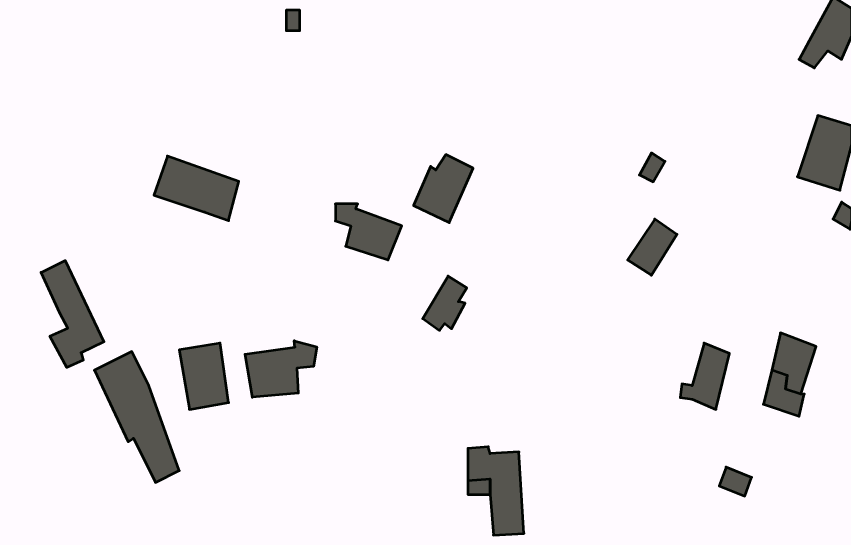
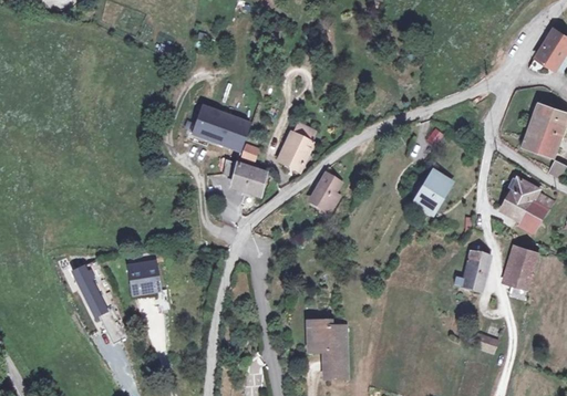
building: [154,156,239,221] -> [194,108,249,150]
building: none -> [502,176,555,229]
building: [41,261,104,367] -> none
building: [423,276,467,330] -> [309,177,338,212]
building: [245,341,317,397] -> none

